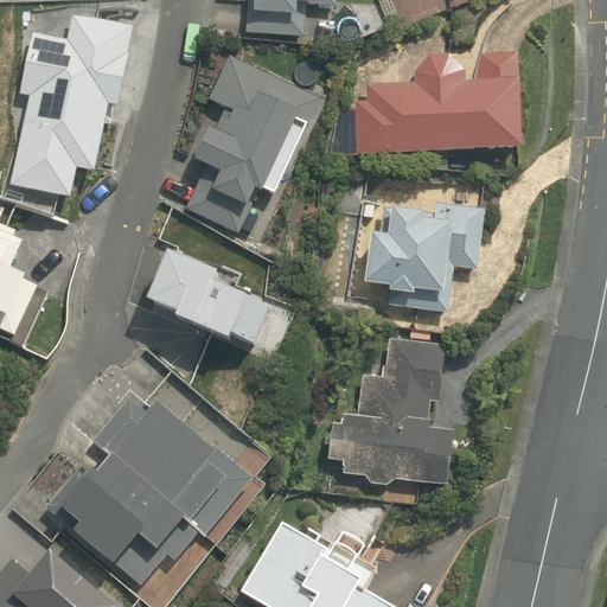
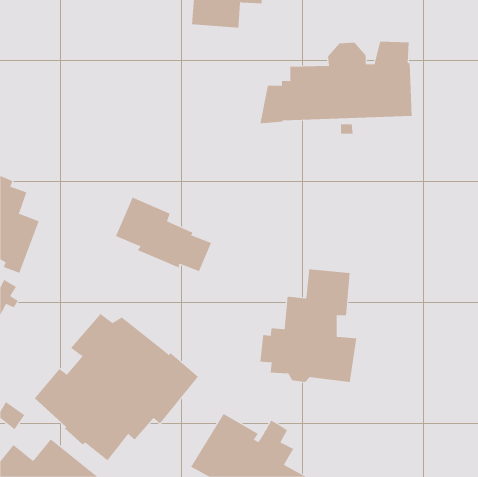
building: [11,17,153,202] -> none
building: [184,53,317,231] -> none
building: [365,202,484,311] -> none

